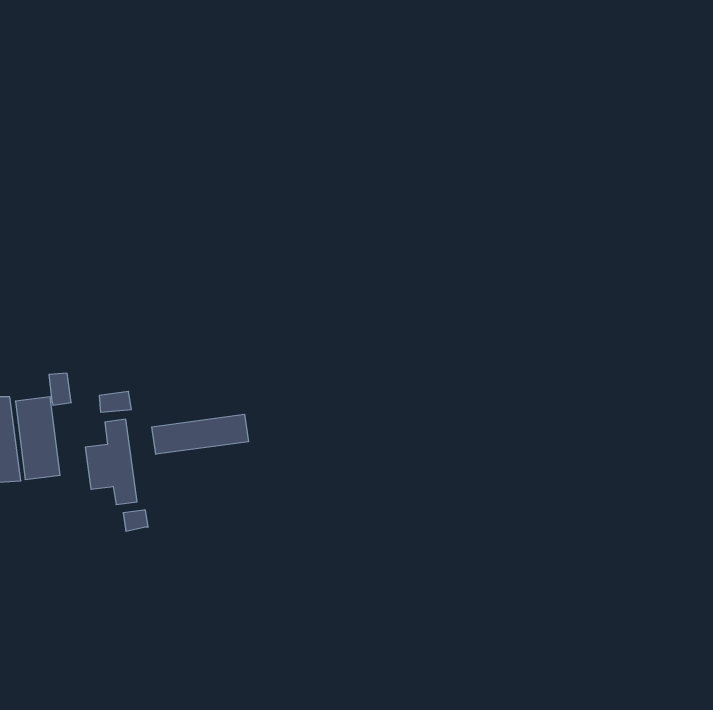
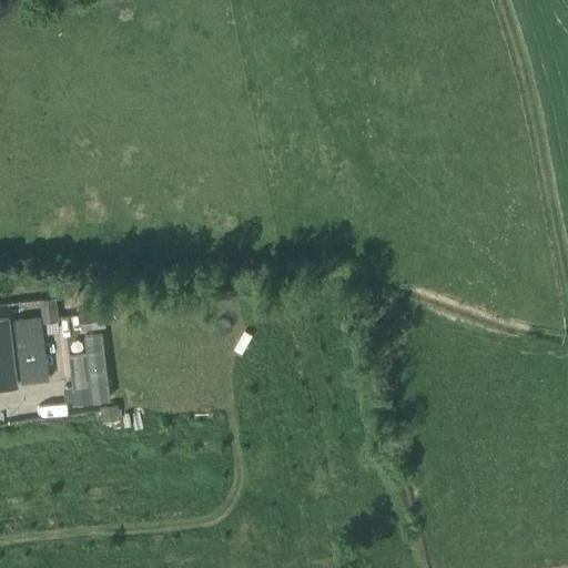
building: [152,414,248,454] -> none

